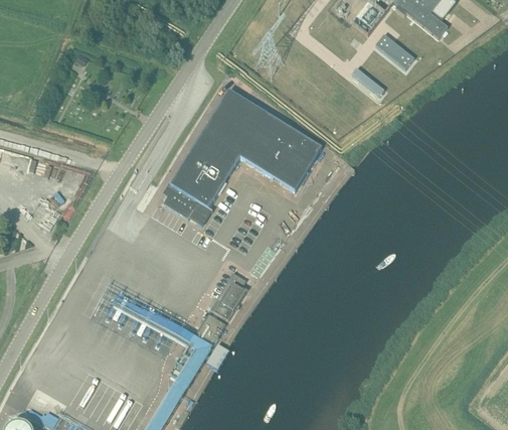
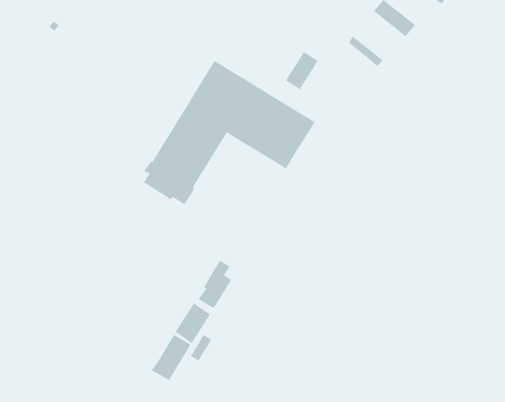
building: none -> [285,51,319,90]

